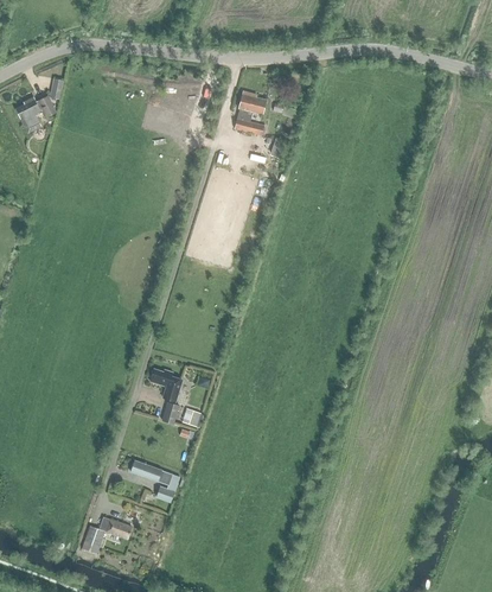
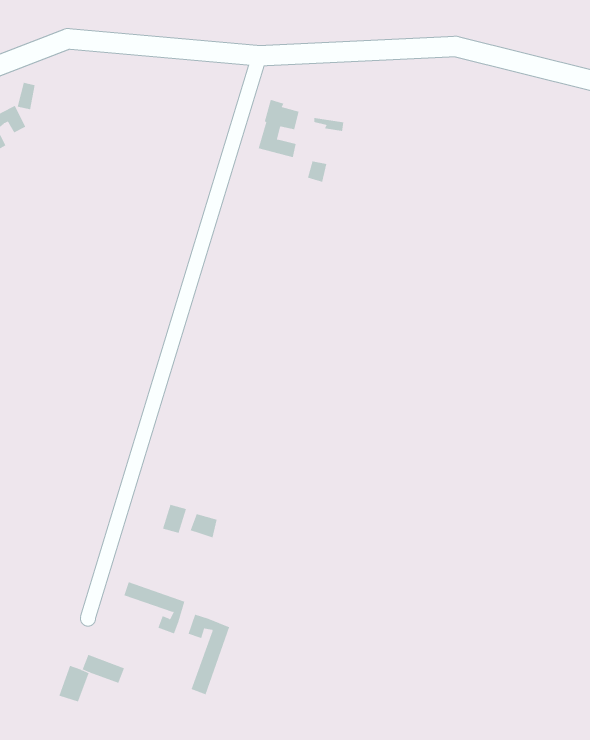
building: [149,368,181,401] -> none
building: none -> [188,614,230,695]

